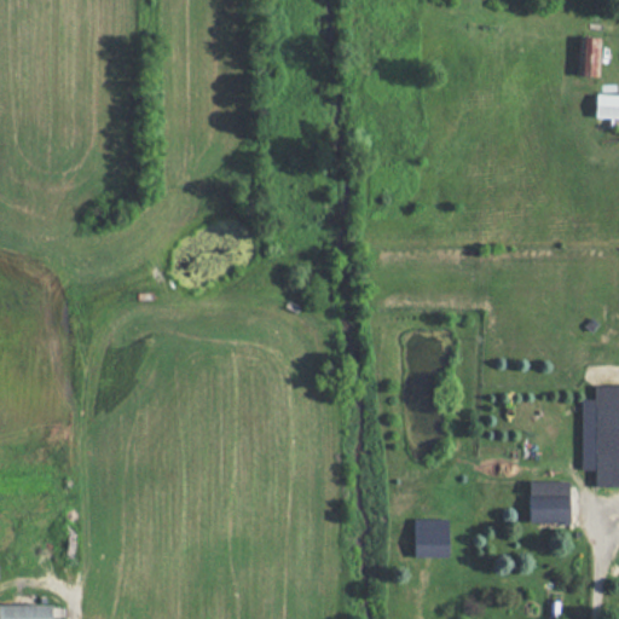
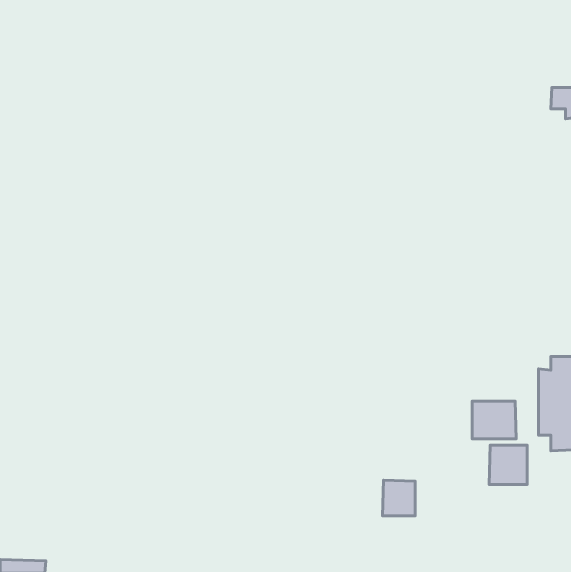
building: [582,37,602,76] -> none
building: none -> [472,401,516,439]

